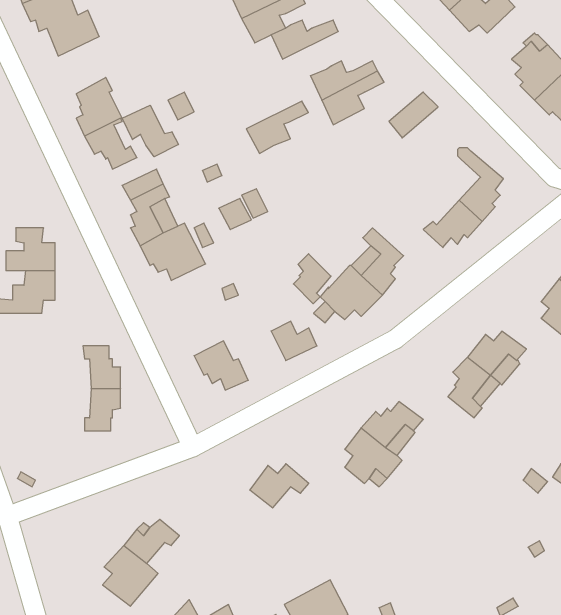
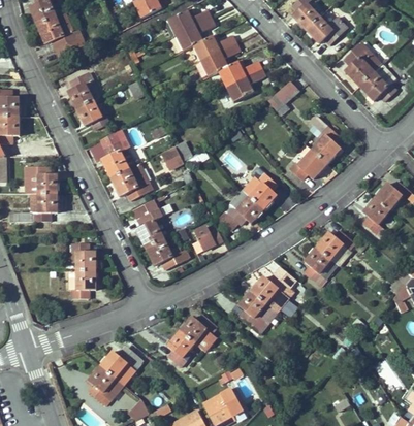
building: [246,101,308,153] -> [200,43,240,76]
building: [122,105,178,157] -> none
building: [293,254,331,304] -> none
building: none -> [138,211,163,248]
building: none -> [168,332,194,366]

